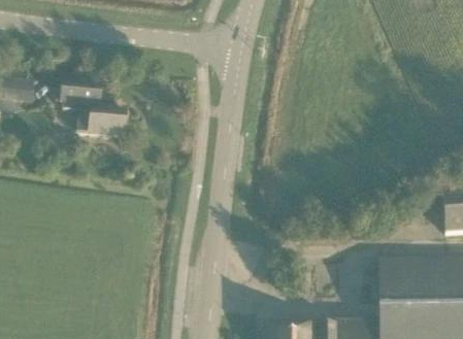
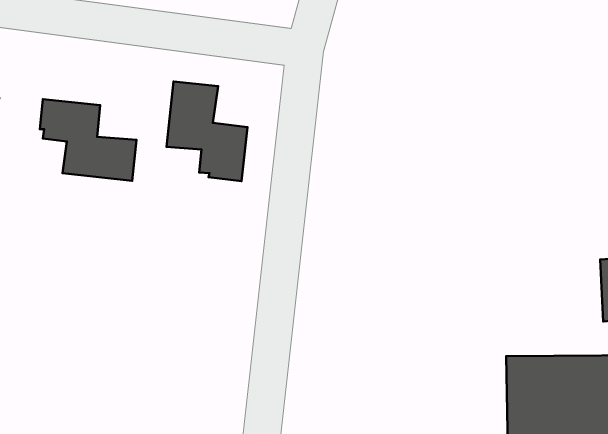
building: none -> [166,81,247,181]

